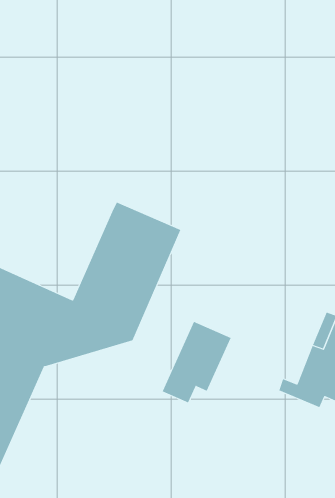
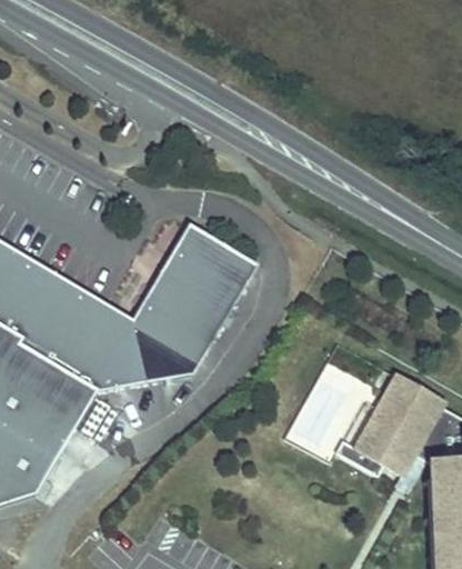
building: [162,321,231,403] -> [289,365,369,450]

